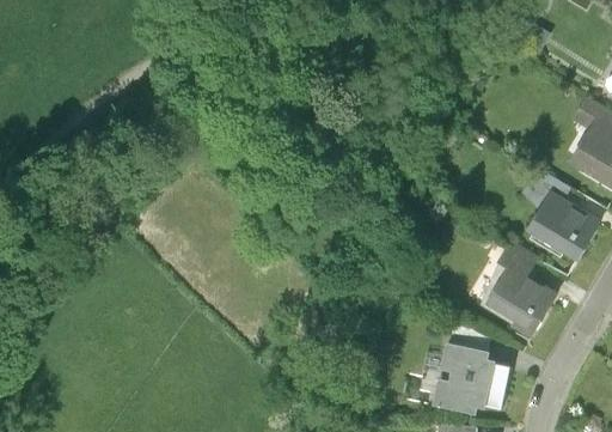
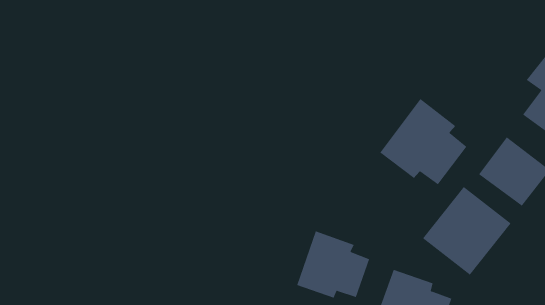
building: none -> [380,98,467,185]
building: none -> [297,230,370,298]

